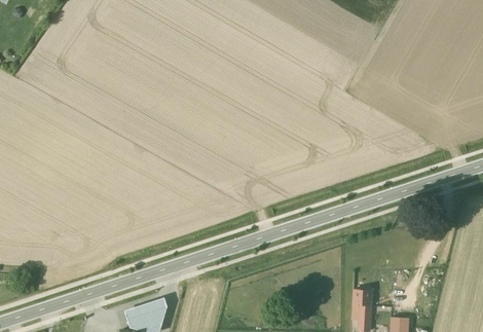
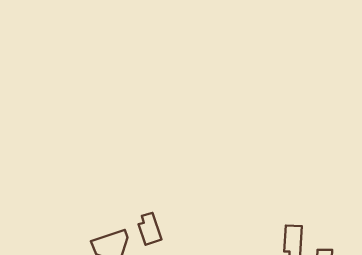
building: none -> [138,213,161,245]

